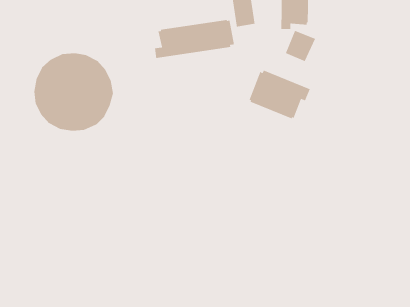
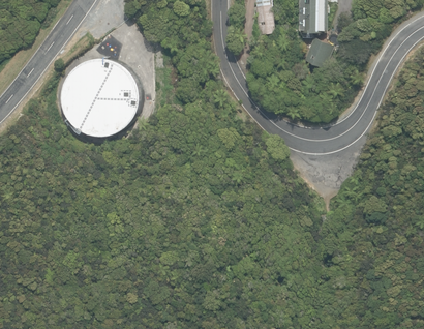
building: [154,19,235,59] -> none
building: [248,70,311,119] -> none

